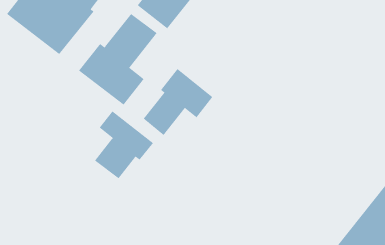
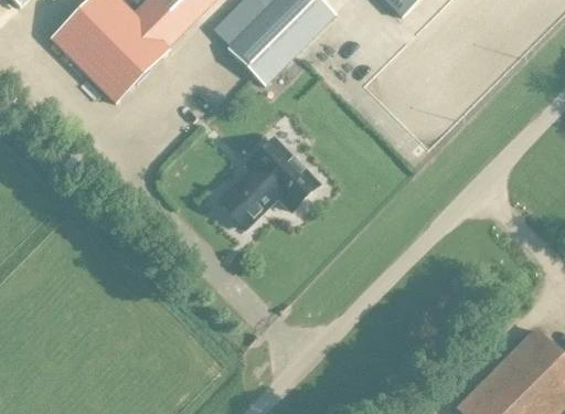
building: [78,13,157,106] -> none
building: [94,111,154,179] -> none

